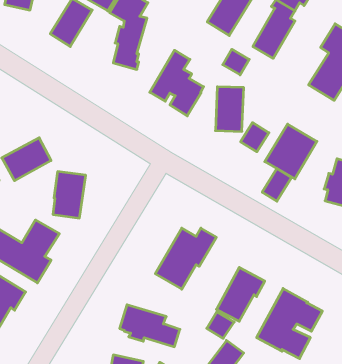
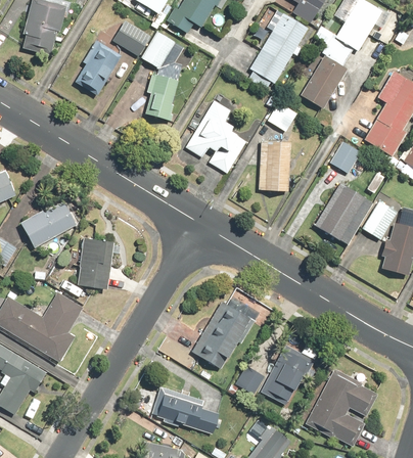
building: [241,123,269,152] -> [329,142,361,175]
building: [262,168,291,201] -> [362,200,395,237]
building: [207,312,234,338] -> [234,365,265,395]

